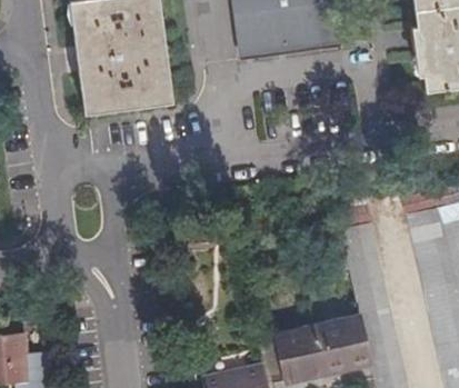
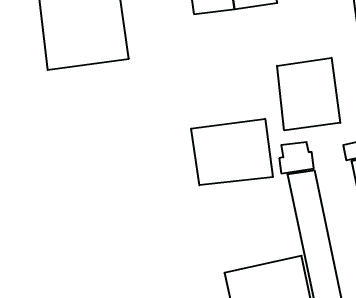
building: none -> [277,58,340,130]
building: none -> [191,119,273,185]

